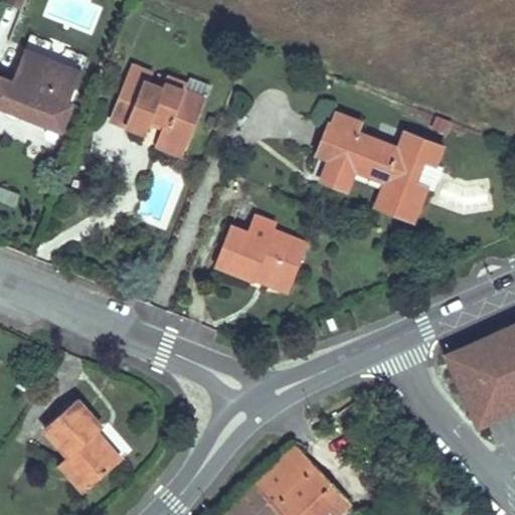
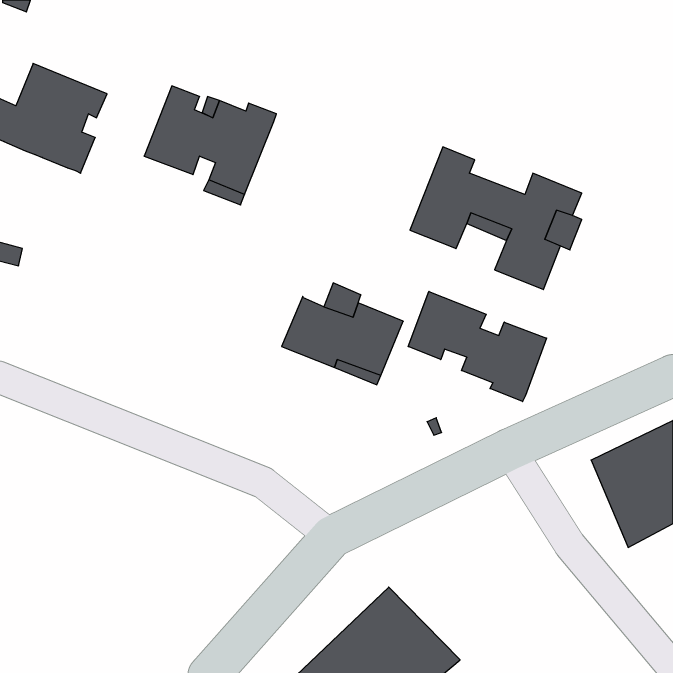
building: none -> [408,291,547,402]
building: [44,401,120,494] -> none

